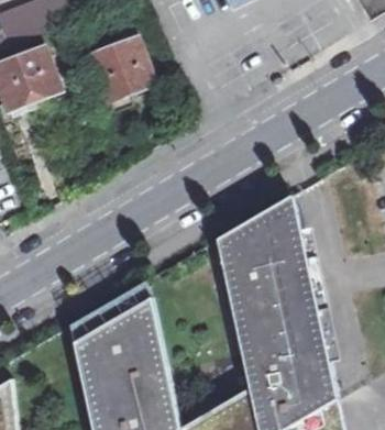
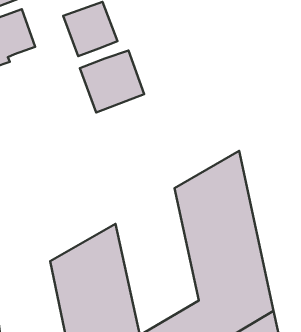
building: none -> [80,50,144,113]

